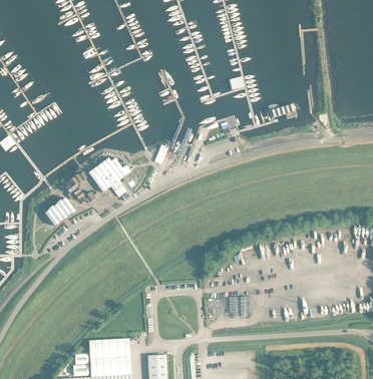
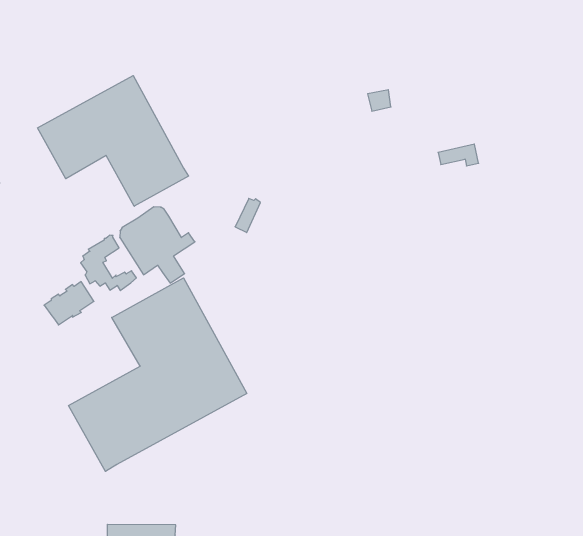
building: none -> [38,76,189,206]
building: none -> [69,278,247,471]

